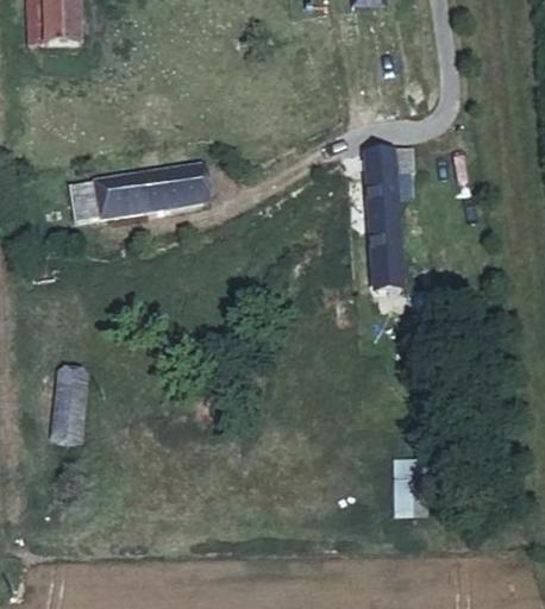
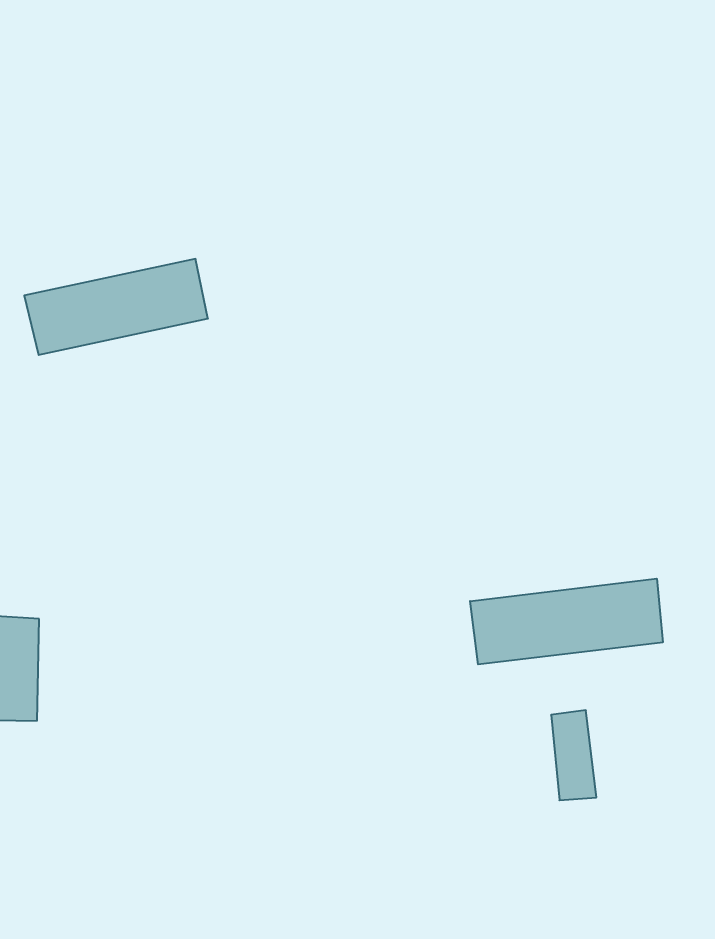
building: [367,149,402,290] -> none
building: none -> [470,579,663,664]

